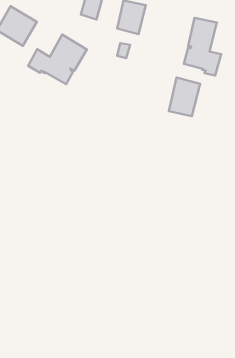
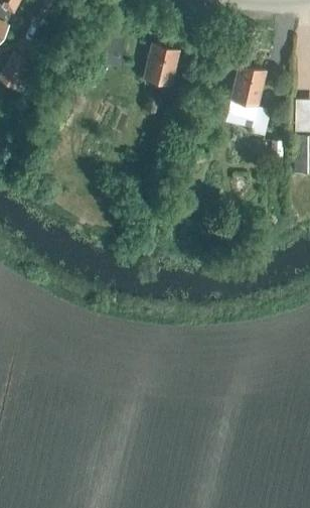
building: [28,34,87,84] -> none
building: [169,77,200,116] -> none

